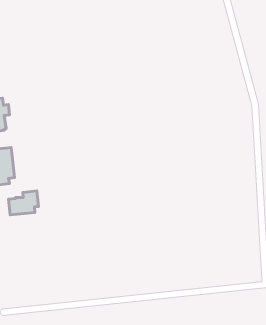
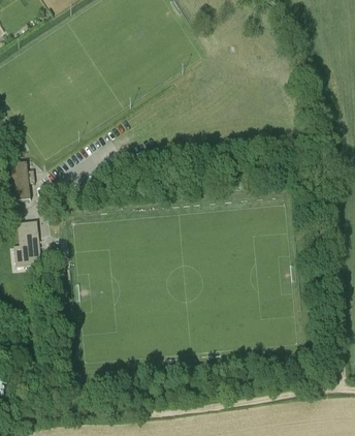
building: [8,191,39,215] -> none

